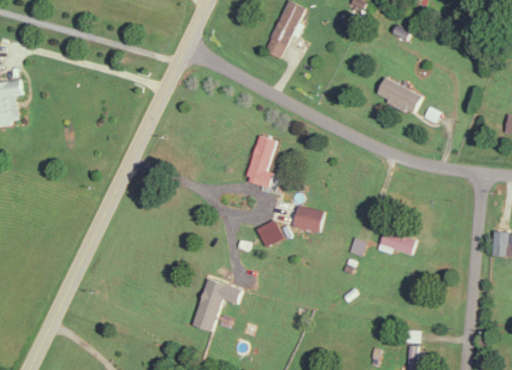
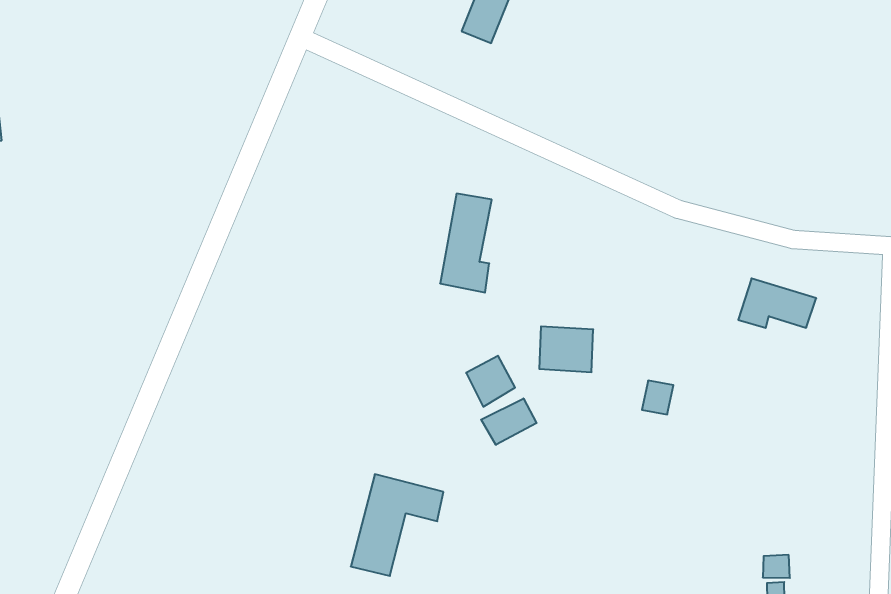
building: [376,77,423,113] -> none
building: [376,228,417,255] -> [738,278,816,328]
building: none -> [481,398,537,445]

